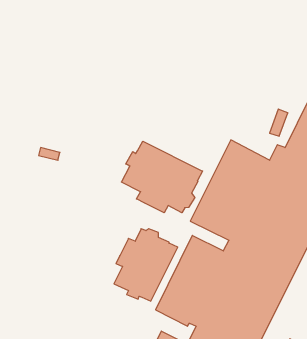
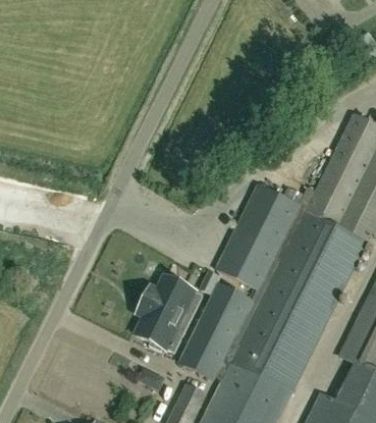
building: [121,141,203,213] -> none

